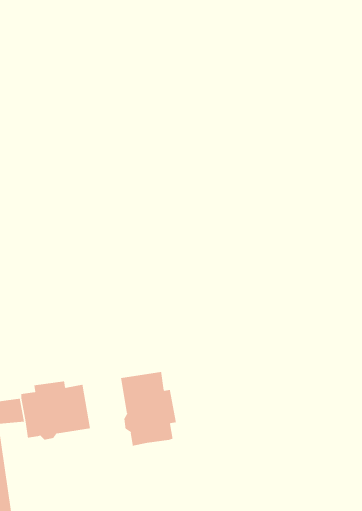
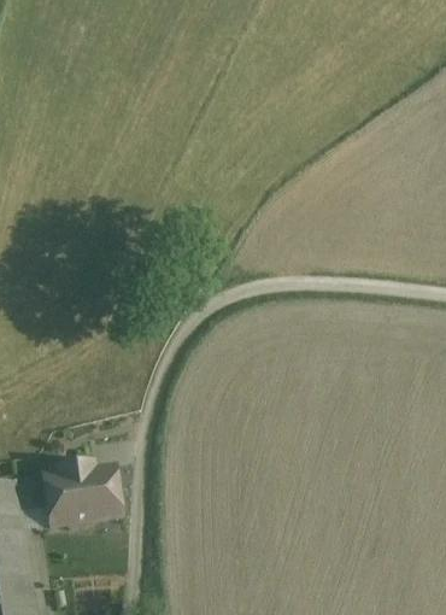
building: [121,371,177,446] -> none

